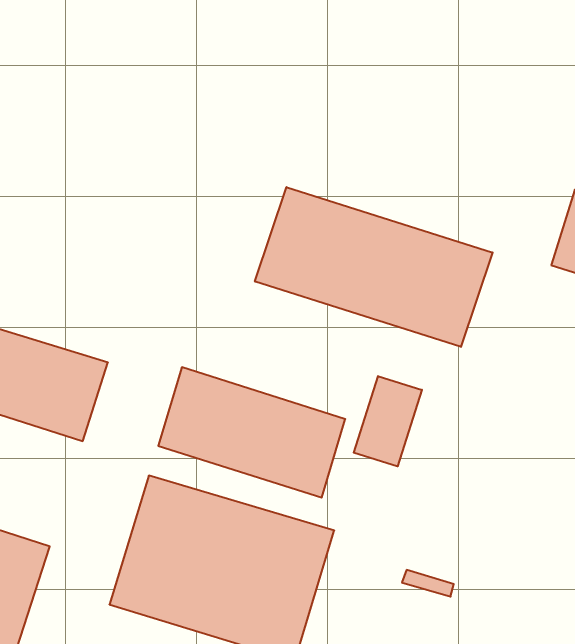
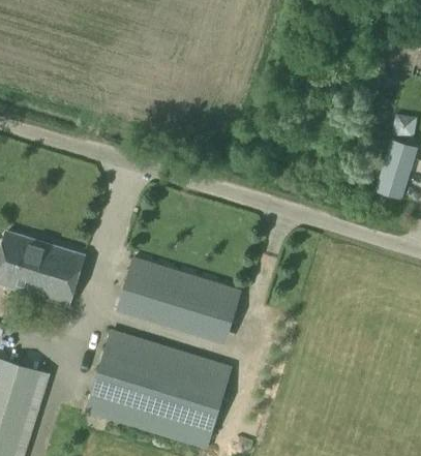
building: [255,187,493,347] -> none
building: [354,376,422,466] -> none

